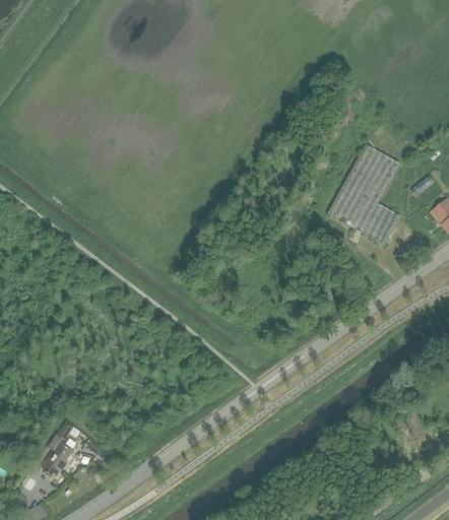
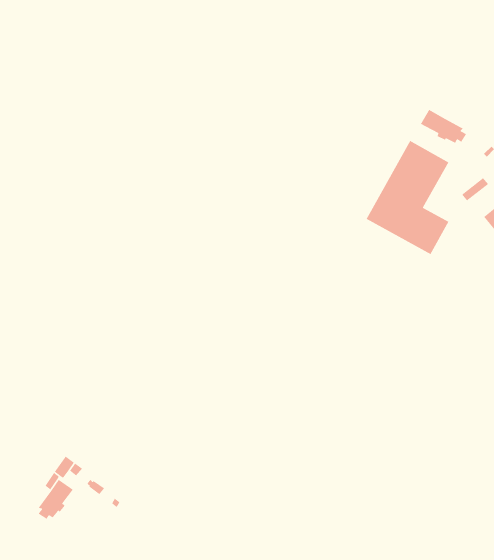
building: none -> [420,109,467,144]

